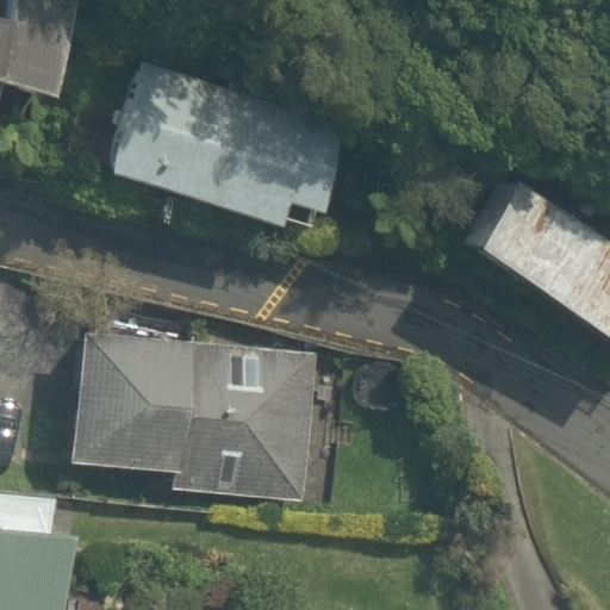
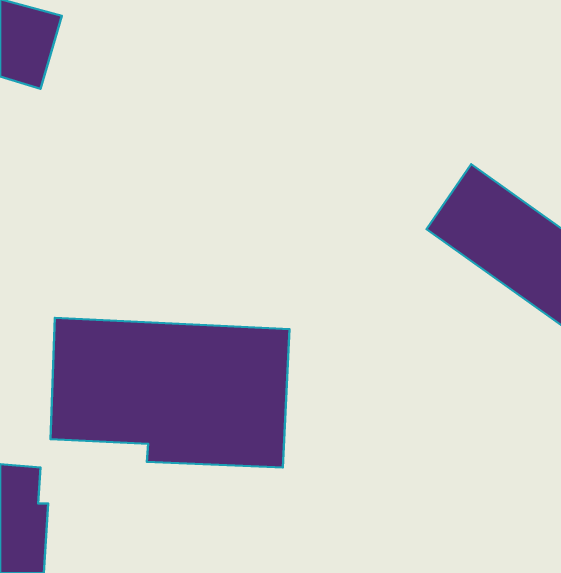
building: [101,55,344,224] -> none

